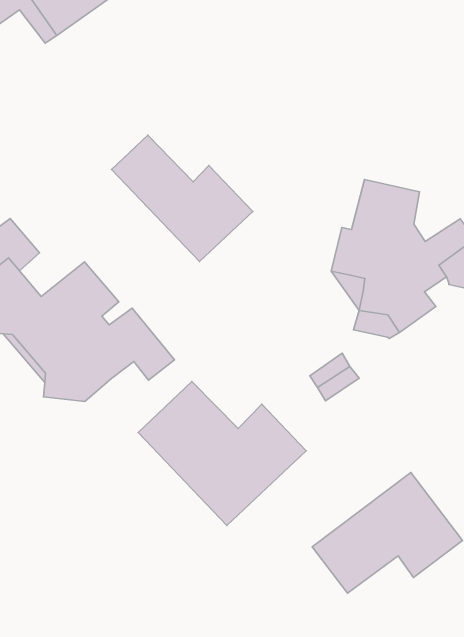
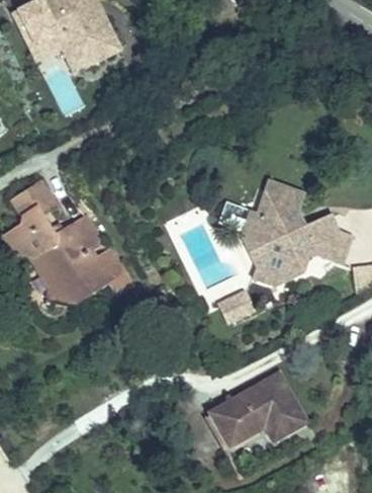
building: [112,135,253,262] -> none
building: [138,382,306,526] -> none

